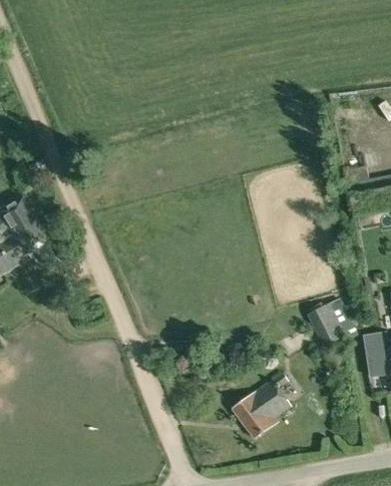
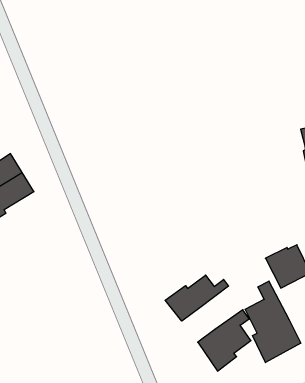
building: none -> [165,275,229,321]
building: none -> [245,281,301,363]

